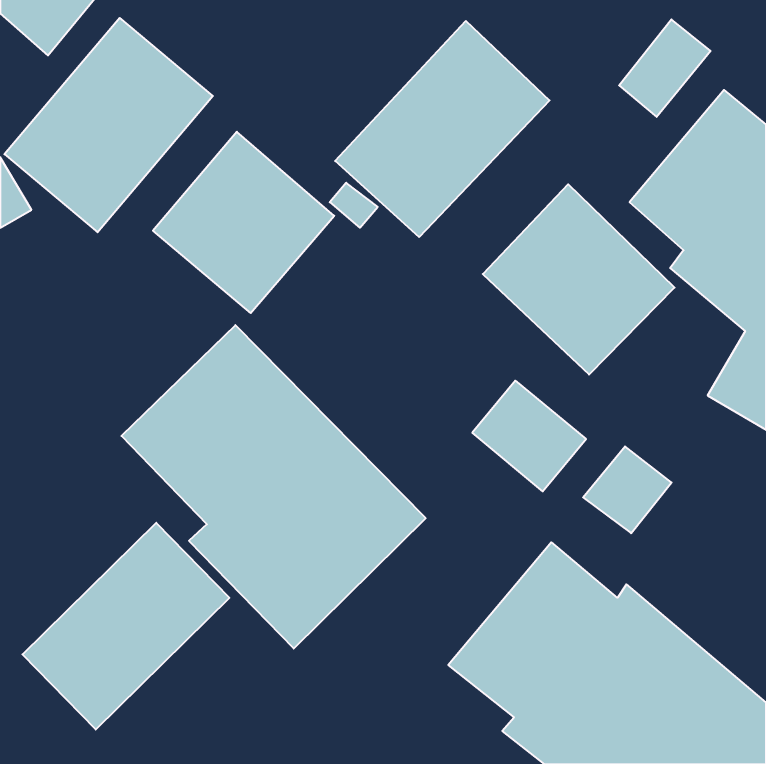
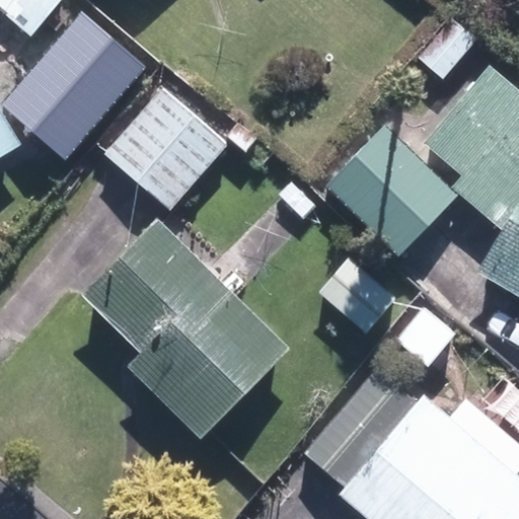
building: [335,21,550,237] -> none
building: [22,523,229,730] -> none

